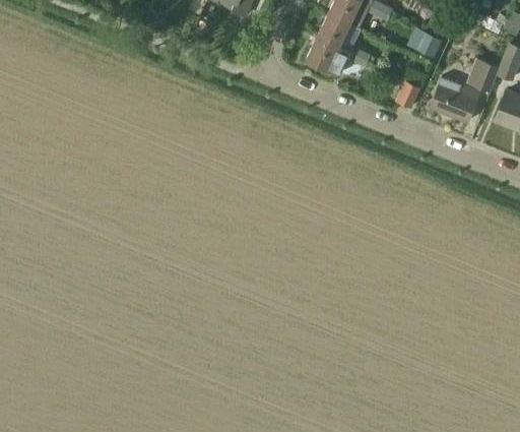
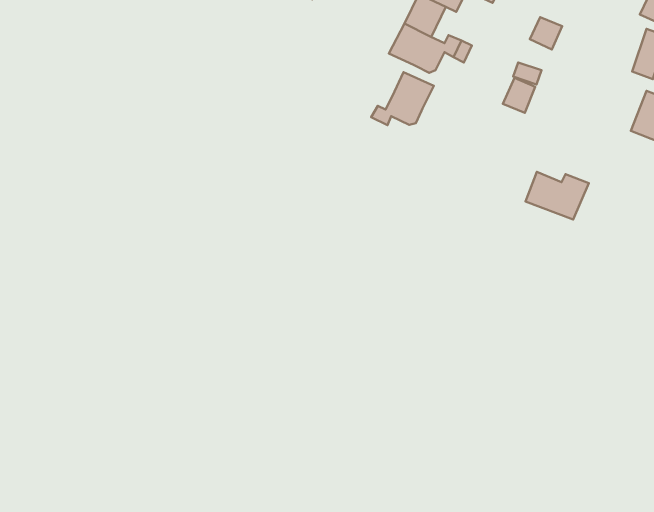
building: [466,57,499,90] -> none
building: none -> [371,72,434,125]
building: [431,83,480,121] -> [525,172,589,220]

